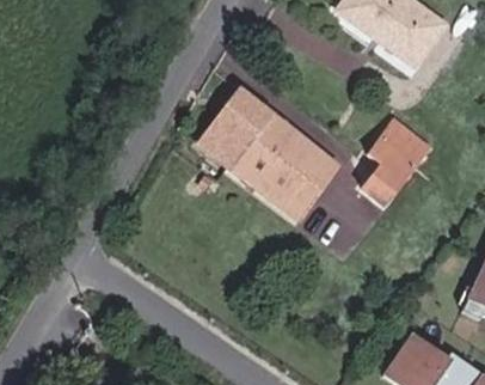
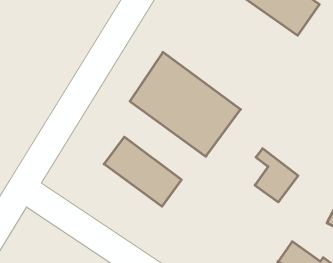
building: [370,133,425,201] -> [255,149,298,202]
building: none -> [104,137,181,206]

